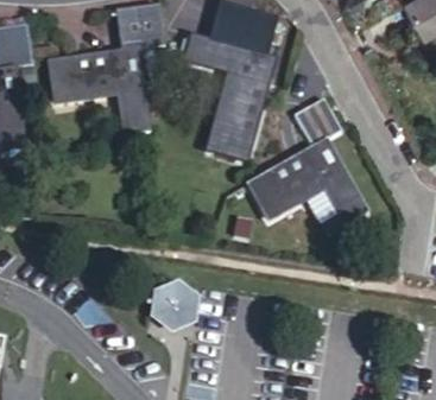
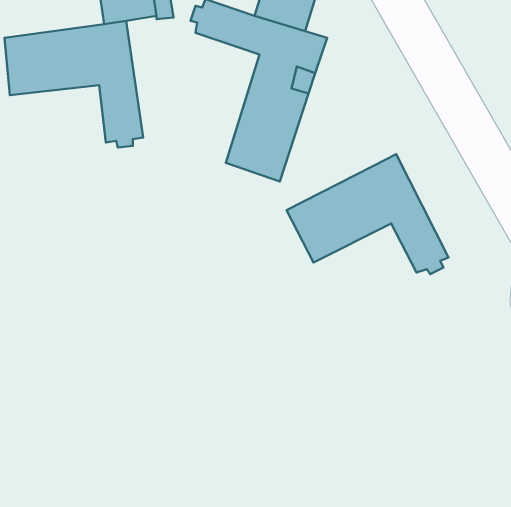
building: [289,104,335,152] -> none
building: [152,285,200,336] -> none

